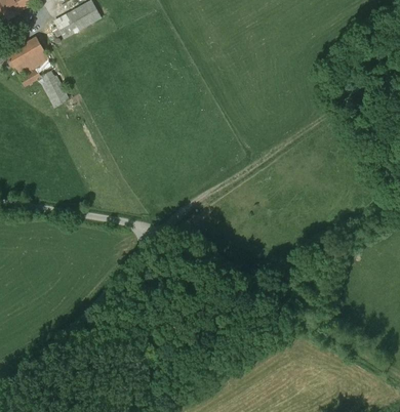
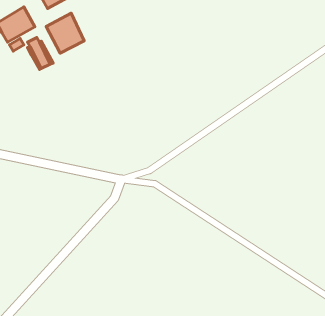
building: none -> [46,13,84,53]

